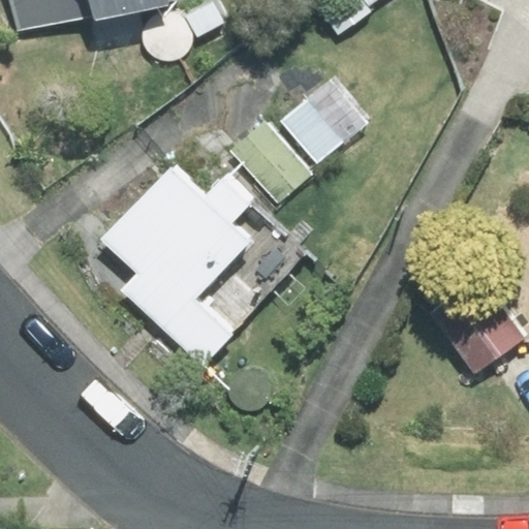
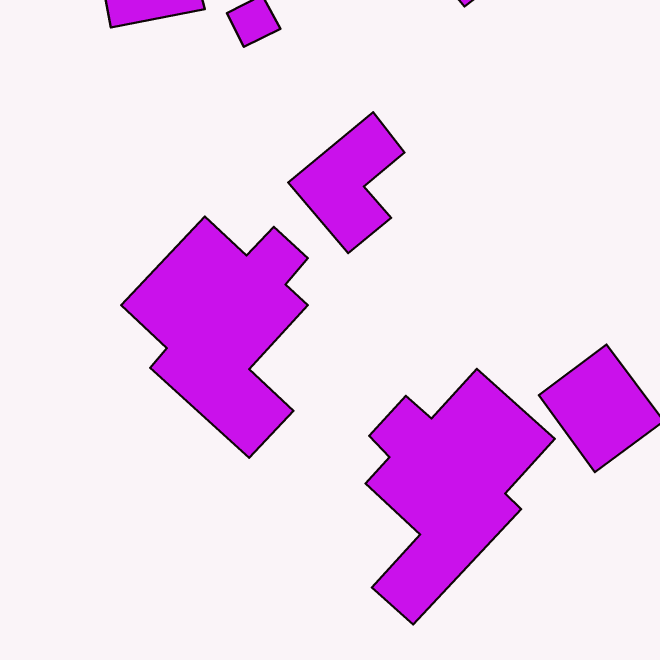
building: none -> [365,369,555,625]

